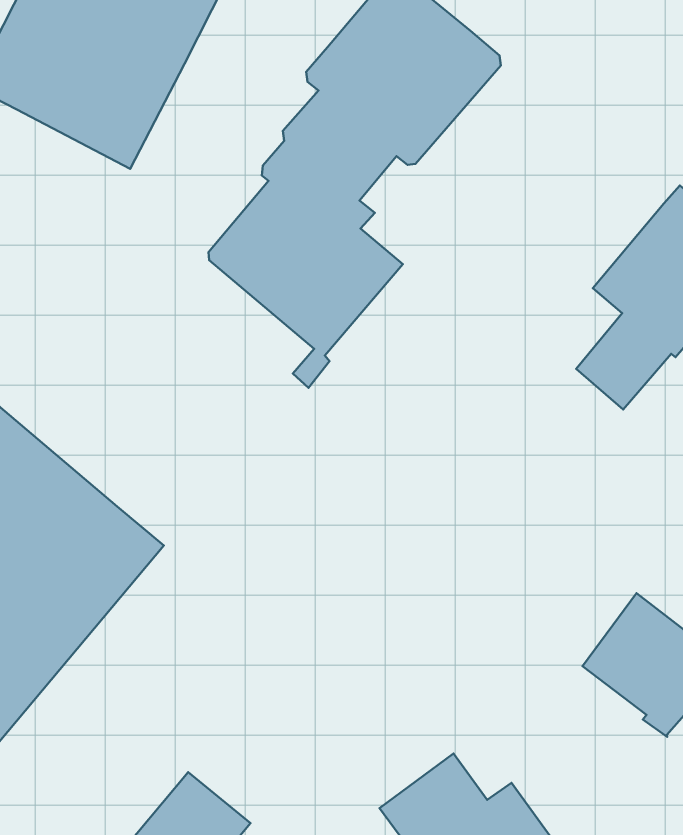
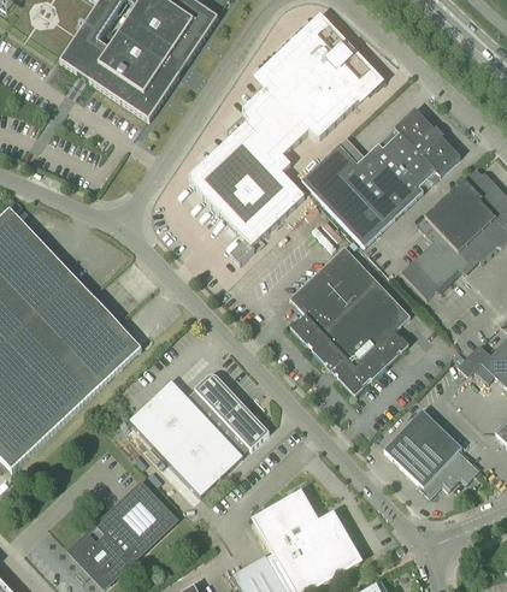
building: none -> [301,108,460,244]
building: none -> [289,244,411,392]
building: none -> [129,374,269,495]

